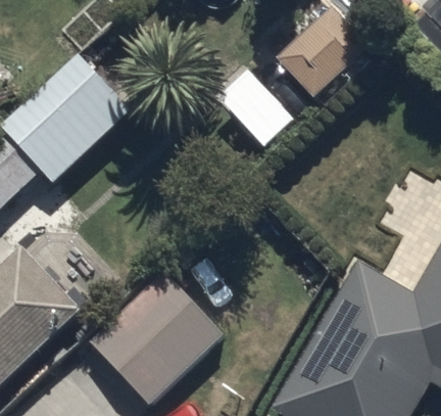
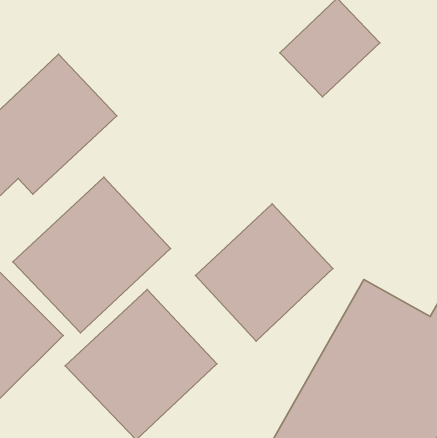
building: none -> [13,177,170,333]
building: none -> [196,204,333,341]

